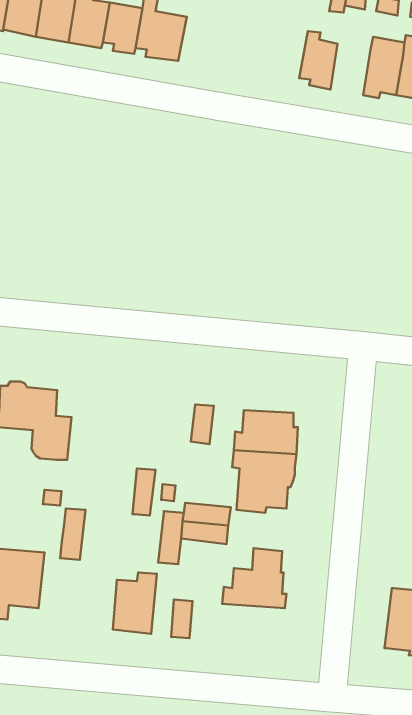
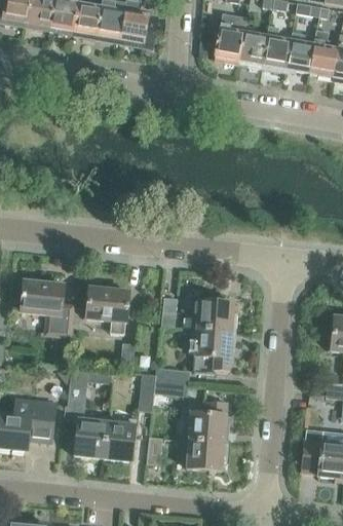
building: none -> [215,13,246,65]
building: none -> [262,25,291,73]
building: none -> [86,289,130,334]
building: none -> [77,413,108,458]
building: none -> [183,440,229,471]

